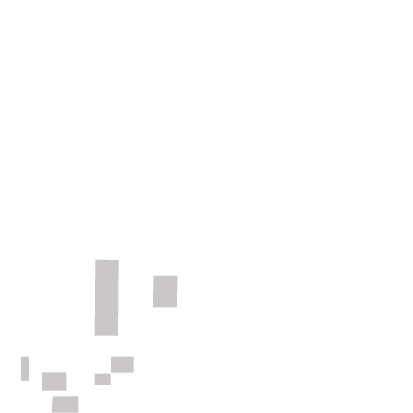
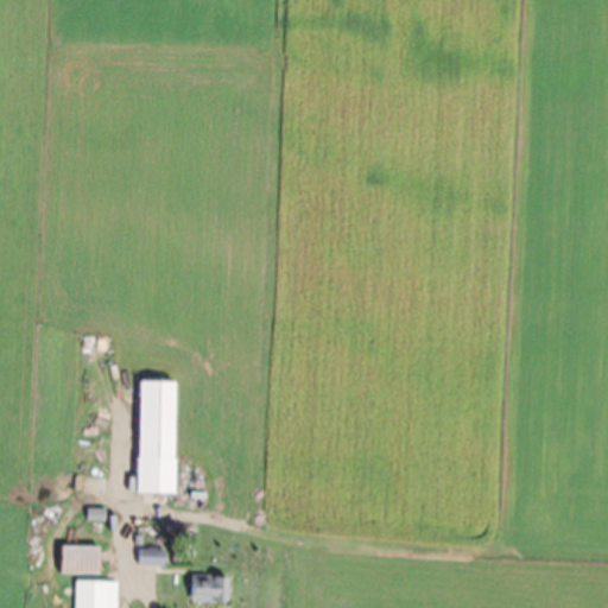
building: [152,275,178,308] -> none
building: [110,356,135,373] -> [192,576,228,601]

